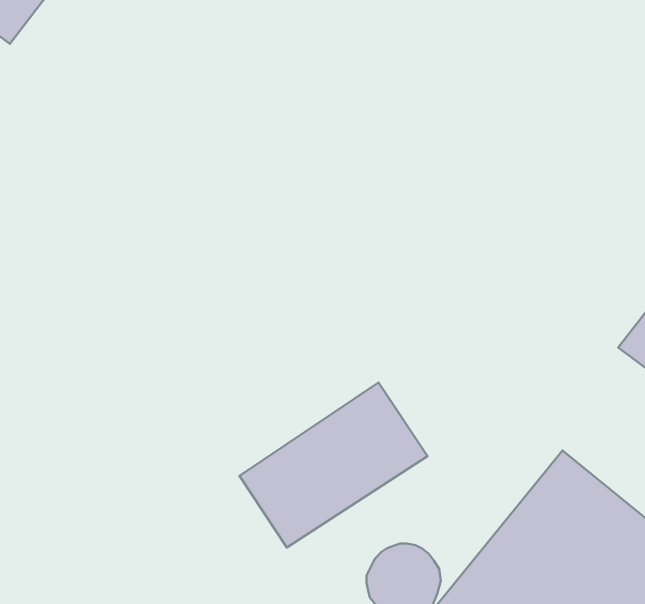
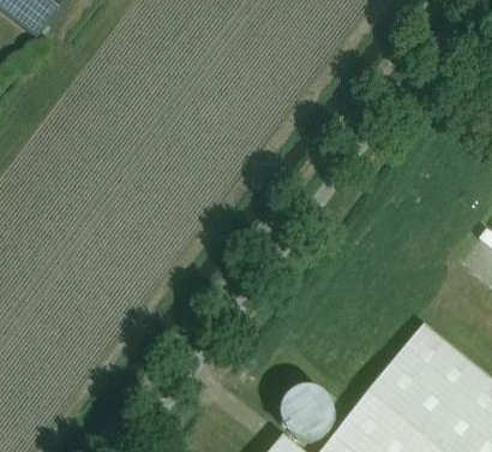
building: [239,383,428,548] -> none

